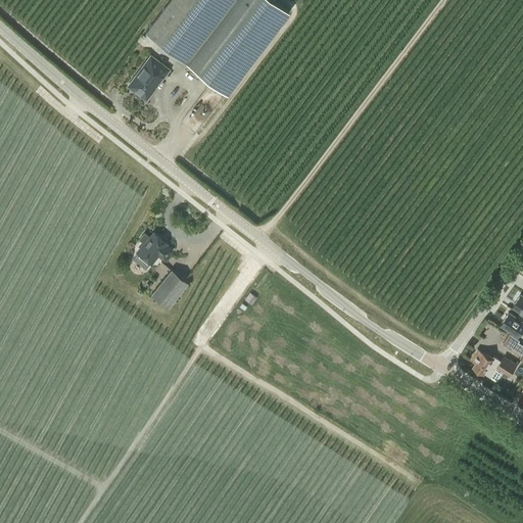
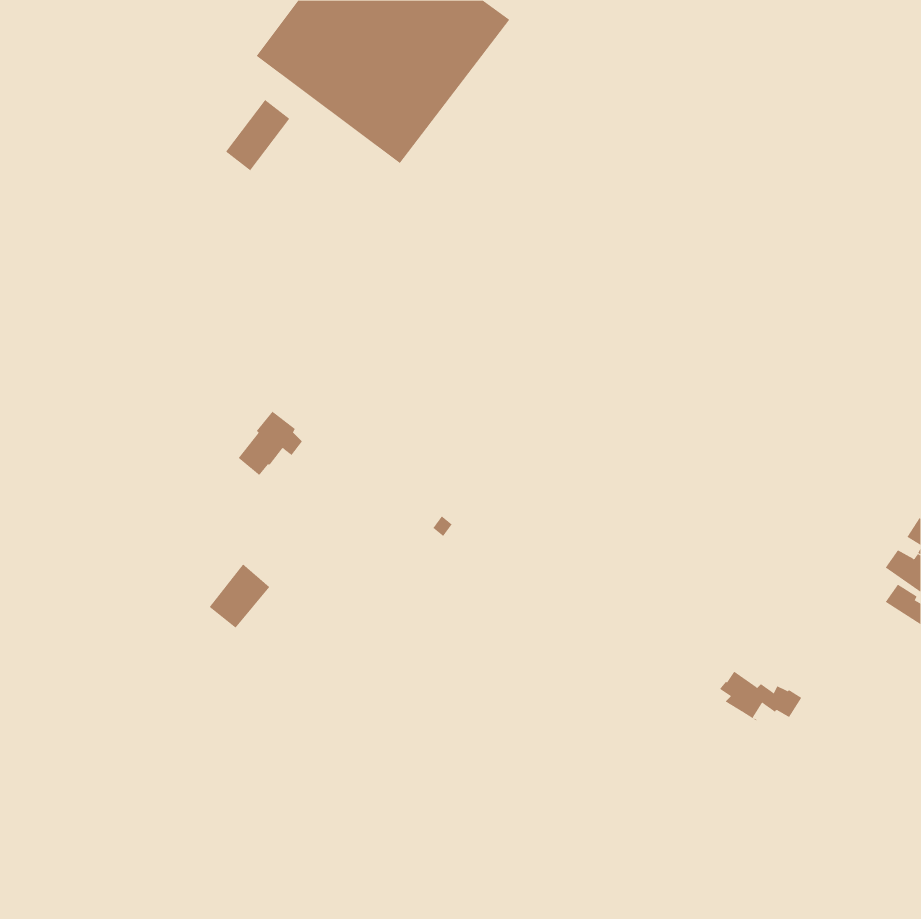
building: [152,271,187,307] -> [209,564,270,628]
building: [470,350,517,379] -> [719,671,802,721]

